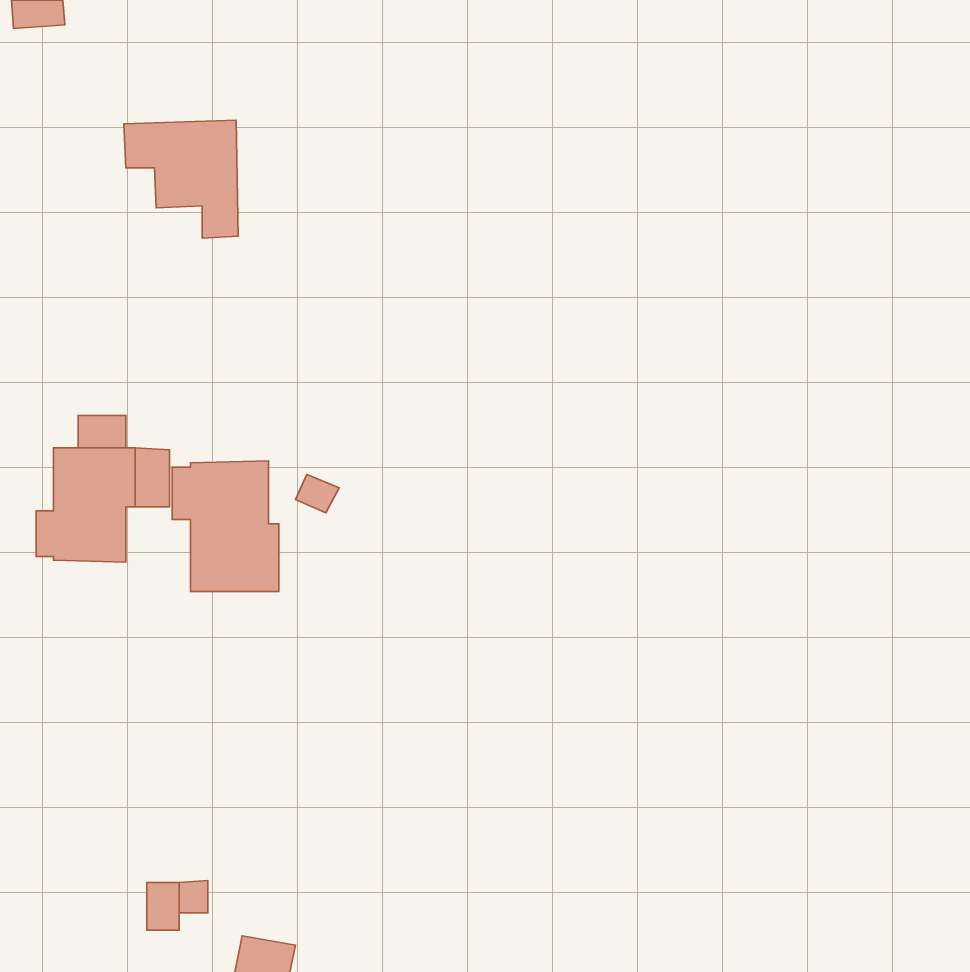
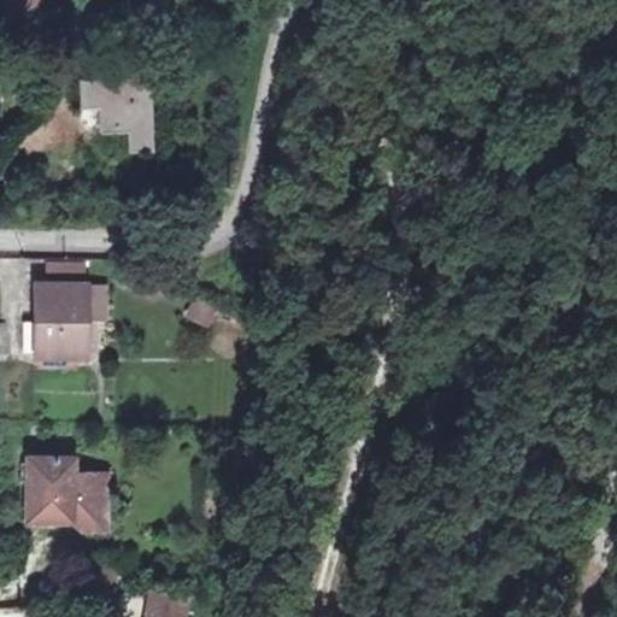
building: [172,461,279,592] -> none
building: none -> [25,458,106,530]

